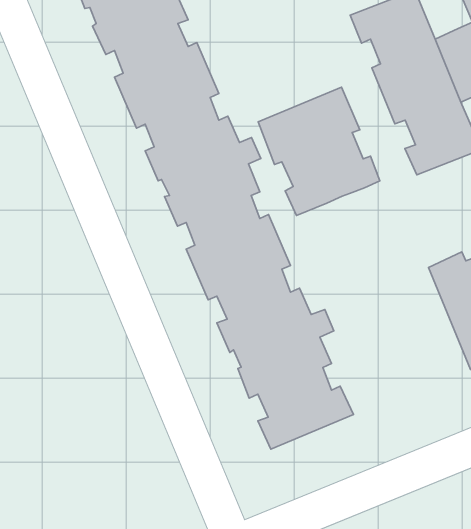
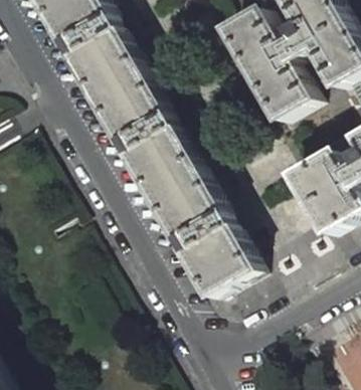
building: [258,87,380,216] -> none

